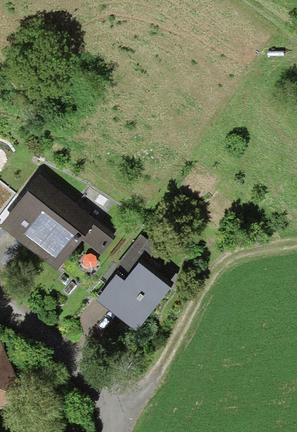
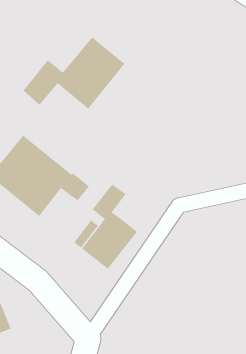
building: none -> [23,36,125,109]

